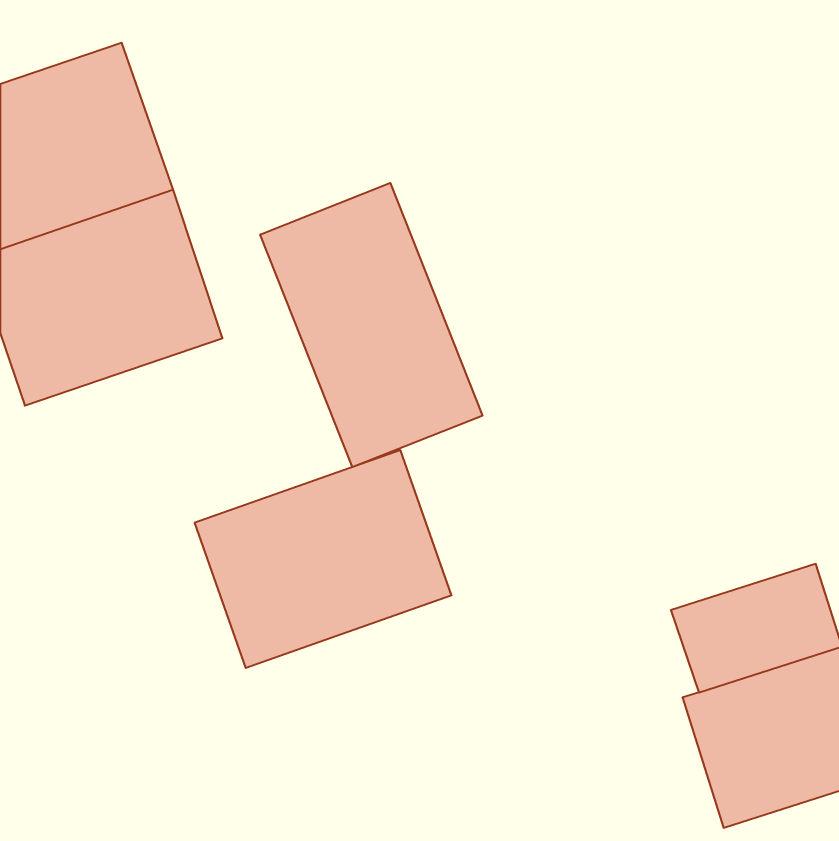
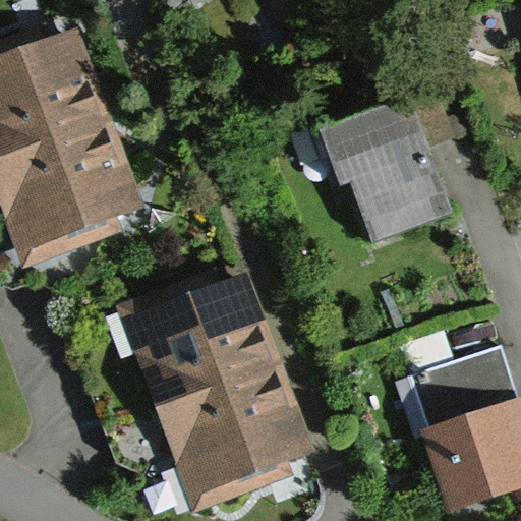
building: none -> [316,102,439,236]
building: [260,183,482,467] -> none
building: none -> [154,367,313,503]

